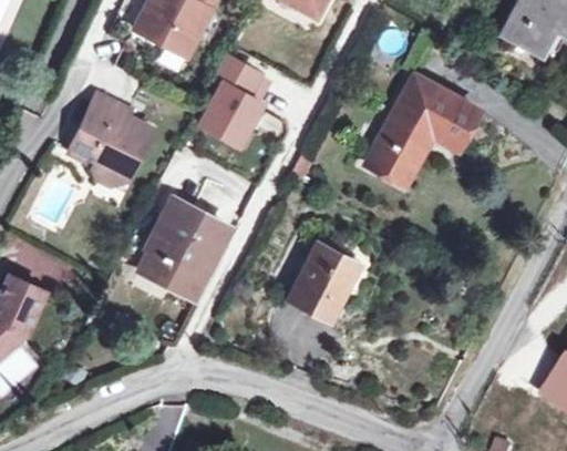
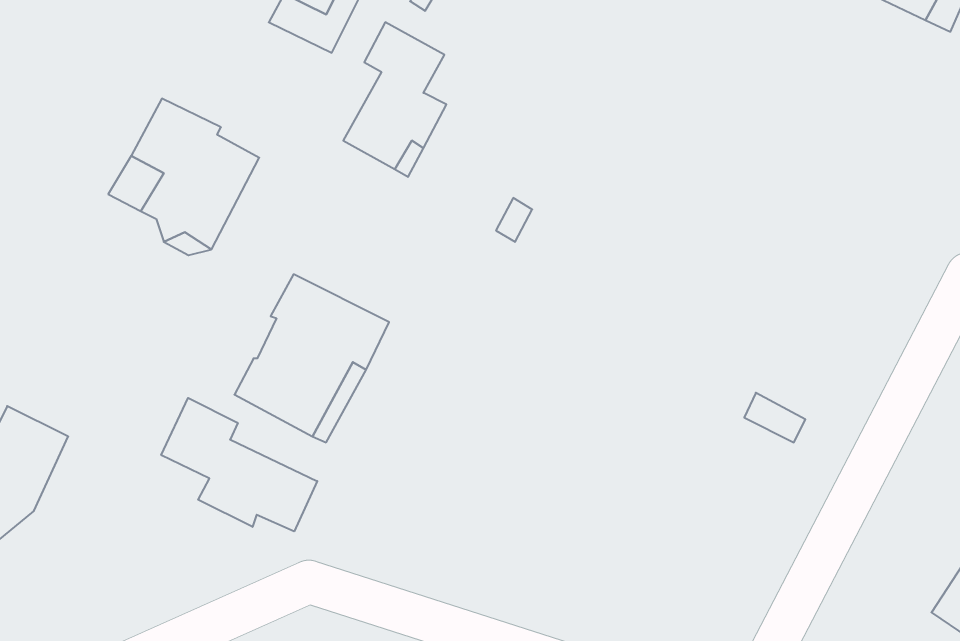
building: [369,76,476,183] -> none
building: [288,243,354,320] -> none
building: none -> [161,398,317,531]

